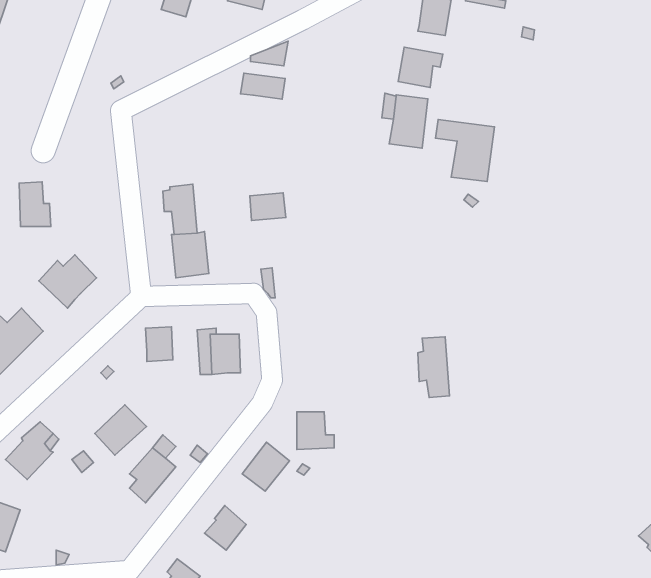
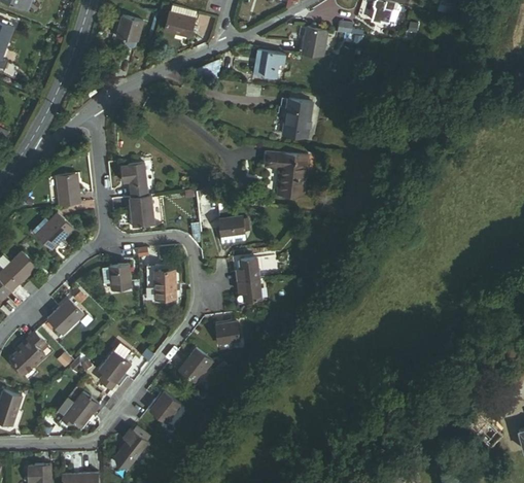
building: [398,47,443,87] -> [254,50,286,79]
building: [241,73,285,99] -> none
building: [435,120,495,182] -> [265,152,307,197]
building: [19,182,51,226] -> [57,172,79,204]
building: [250,193,286,220] -> [221,216,247,236]
building: [418,337,449,397] -> [238,258,260,302]
building: [95,405,147,455] -> [45,301,82,337]
building: none -> [59,391,101,428]

